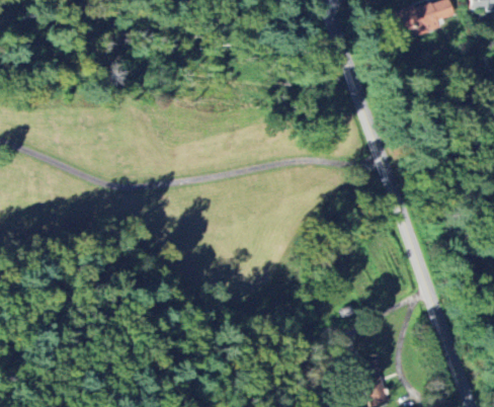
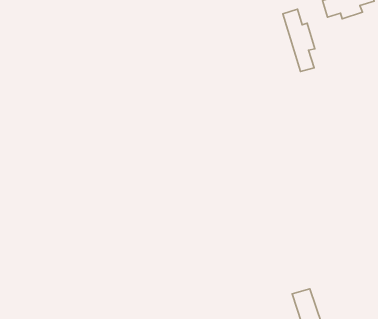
building: none -> [283,9,315,72]

